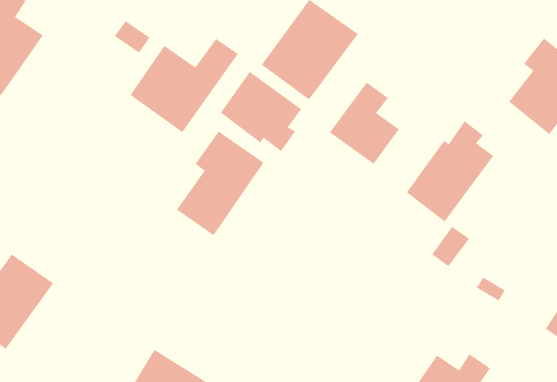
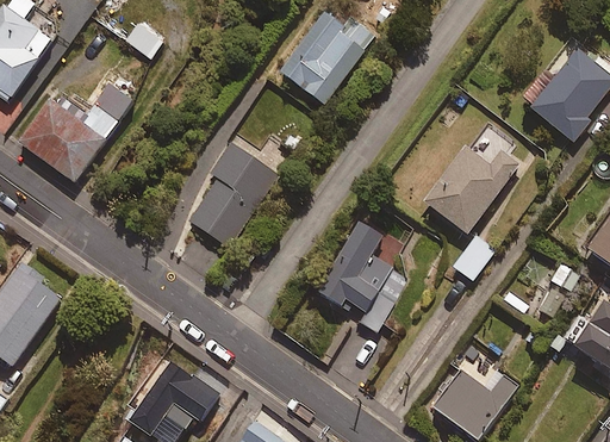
building: [130,38,239,133] -> [19,82,132,181]
building: [220,71,302,152] -> none
building: [329,82,400,165] -> none
building: none -> [316,220,406,332]

